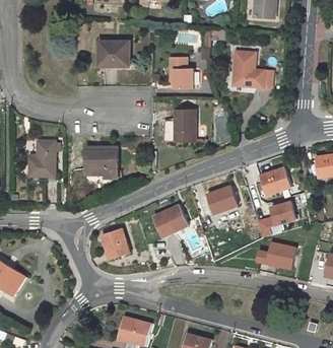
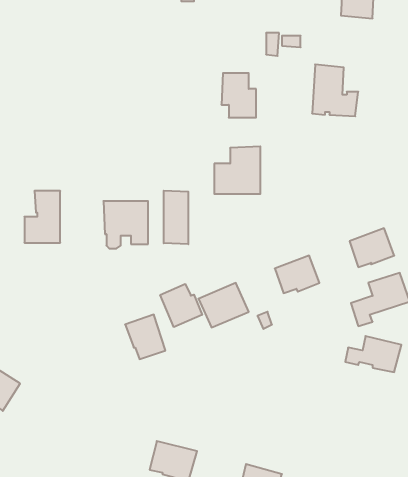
building: [98,42,129,68] -> none
building: none -> [164,191,188,244]
building: none -> [160,284,202,327]

